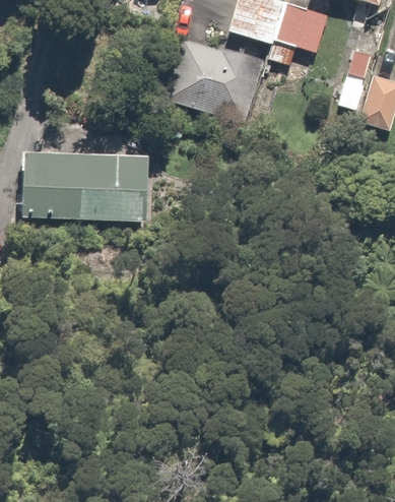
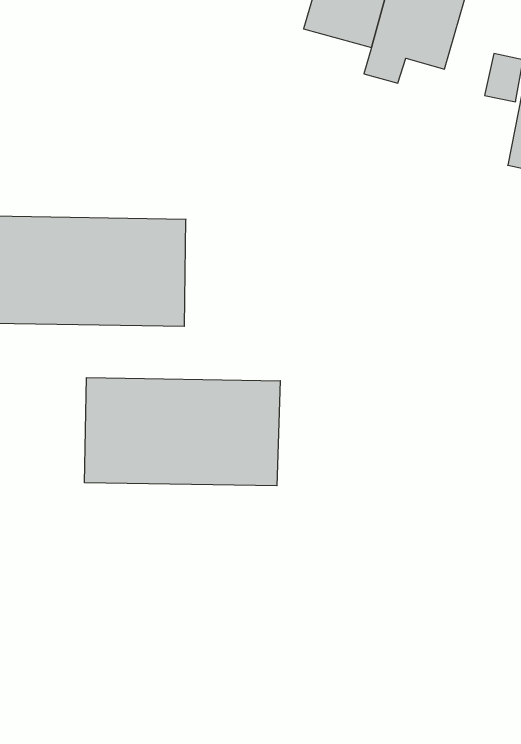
building: [167,32,262,124] -> none
building: none -> [85,378,280,486]

